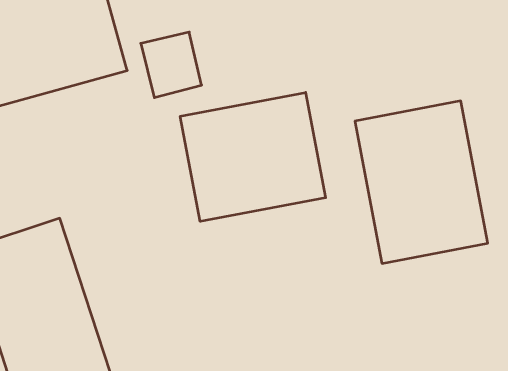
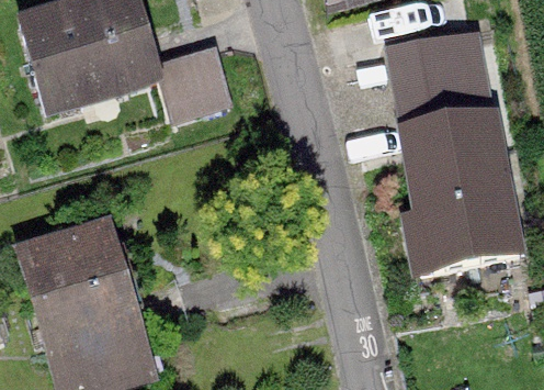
building: none -> [389,38,497,127]
building: [180,92,326,221] -> none

